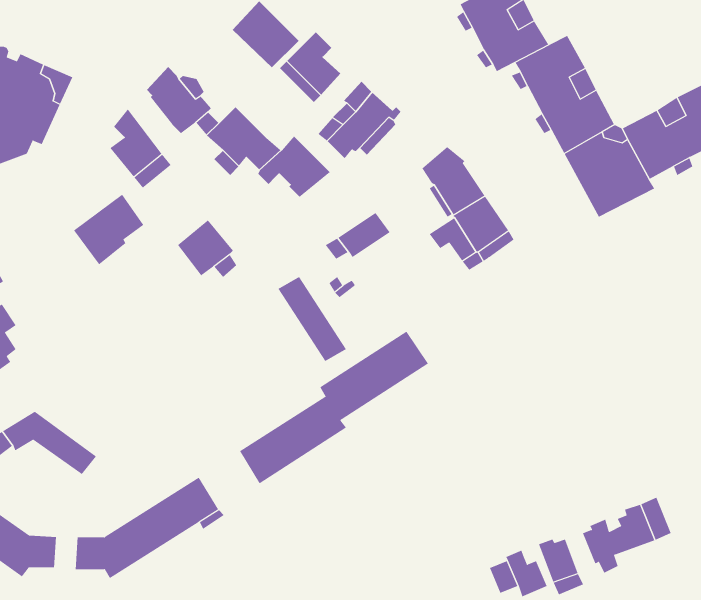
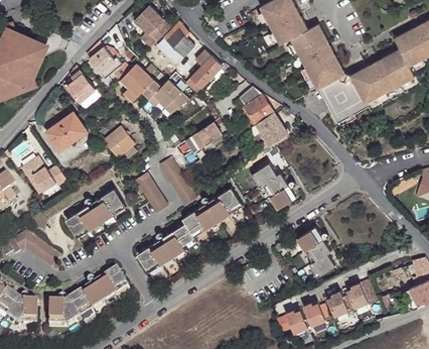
building: none -> [21,154,66,193]
building: none -> [252,162,296,208]
building: none -> [135,171,168,212]
building: none -> [66,189,126,237]
building: none -> [297,226,335,276]

